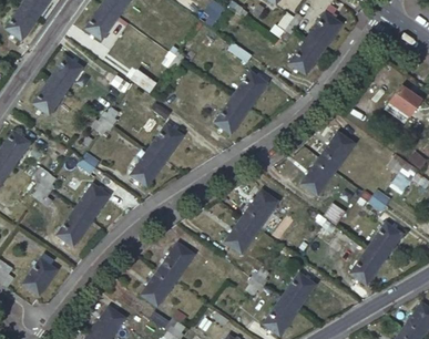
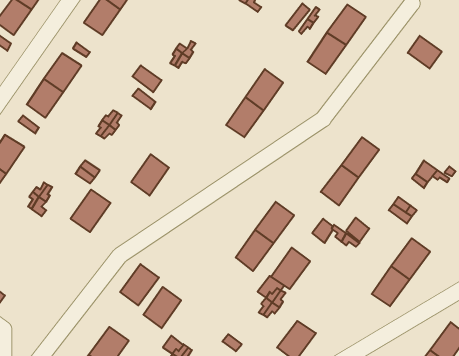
building: [390,86,421,116] -> [408,36,442,69]
building: [146,123,182,161] -> none
building: [57,207,91,245] -> none
building: [157,244,193,281] -> [120,264,159,305]
building: [22,257,57,295] -> none
building: [280,274,316,311] -> [271,248,310,289]

